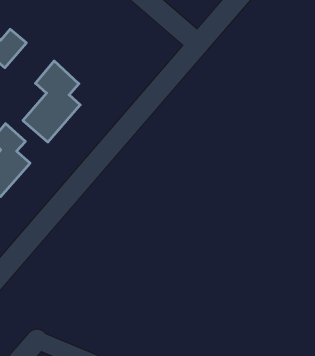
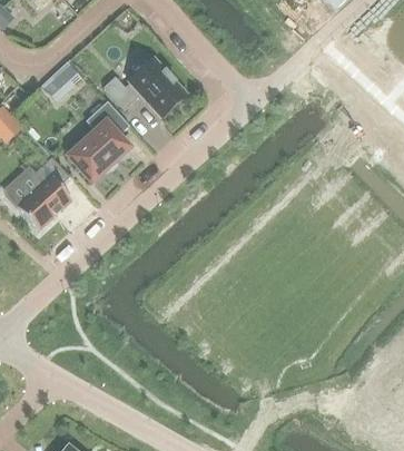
building: none -> [101,57,186,117]

